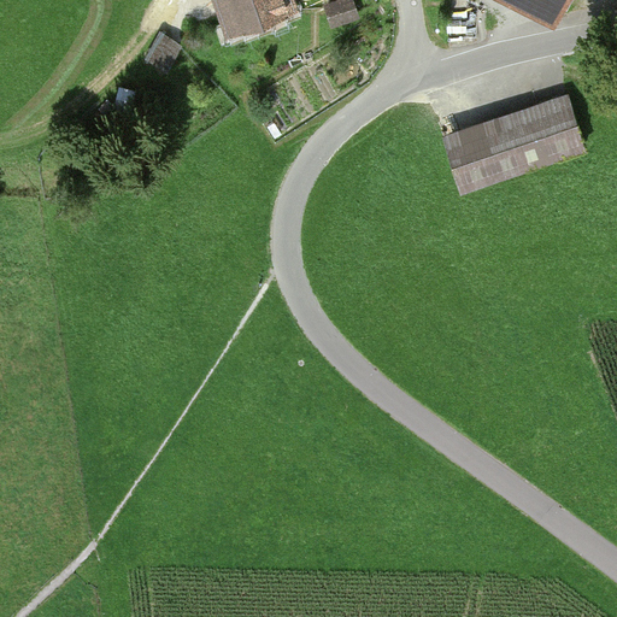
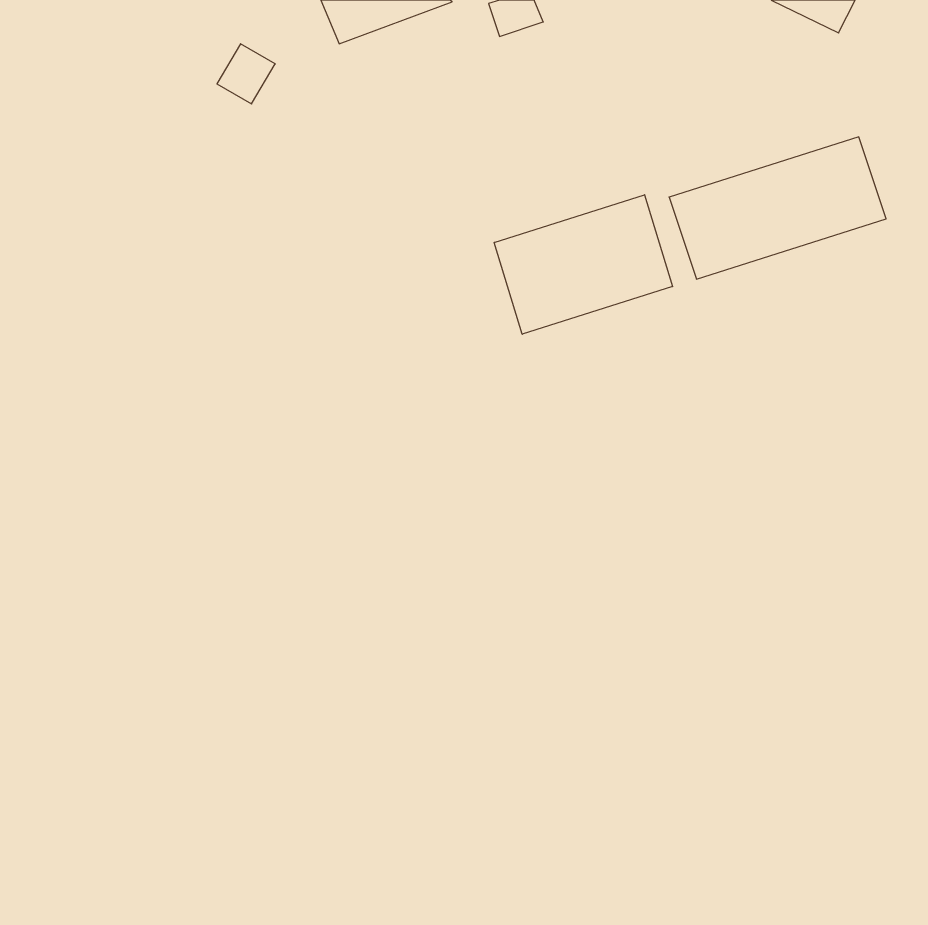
building: none -> [494,195,673,334]

